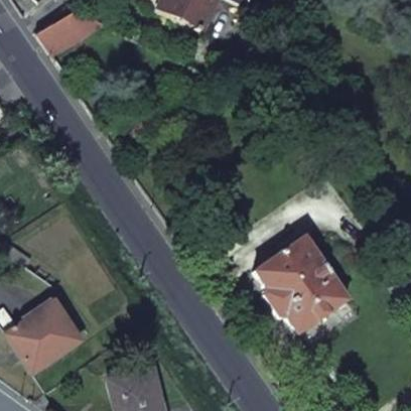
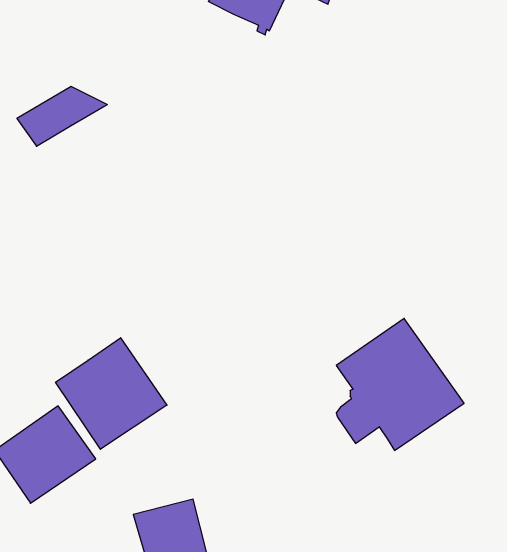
building: [36,10,102,53] -> [17,87,107,146]
building: none -> [56,338,167,449]

